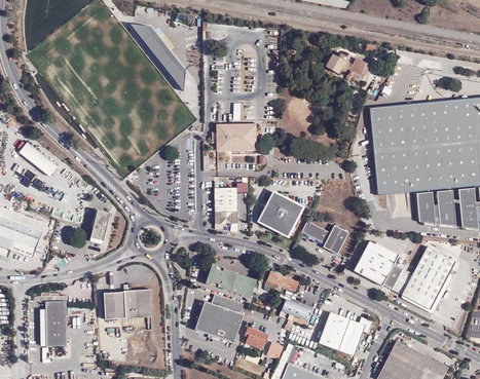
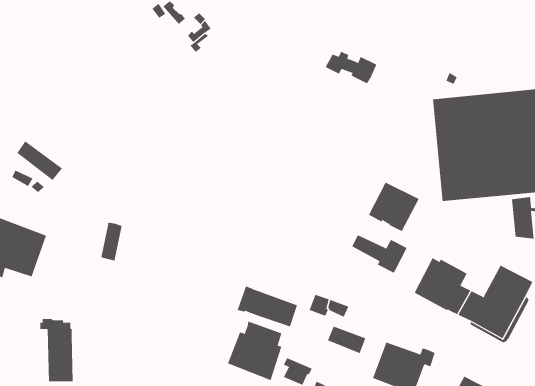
building: [325,53,369,81] -> [325,51,377,84]
building: [216,123,255,150] -> none
building: [214,187,236,231] -> none
building: [416,191,435,223] -> none
building: [258,192,301,234] -> [368,182,419,232]
building: [103,283,151,329] -> none

